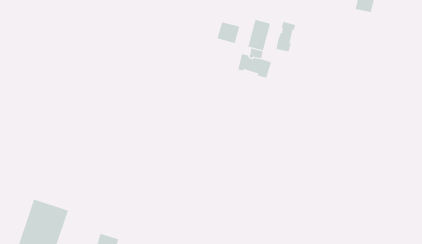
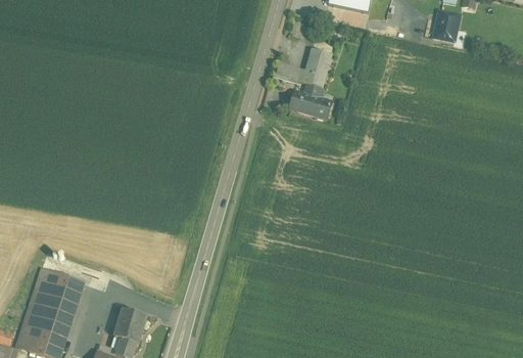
building: [276,21,296,52] -> none
building: [217,21,240,44] -> none

